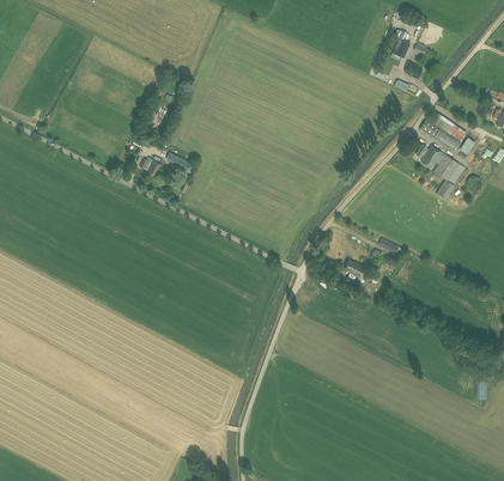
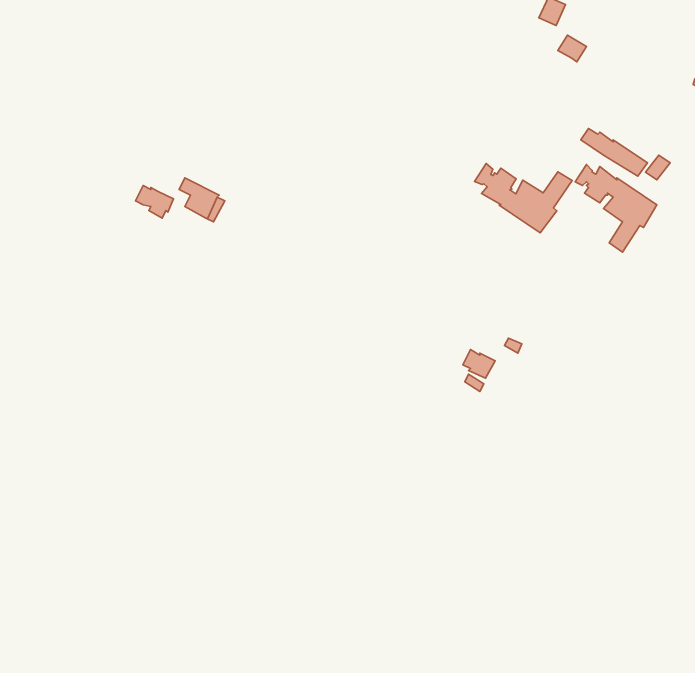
building: none -> [474,164,572,233]

